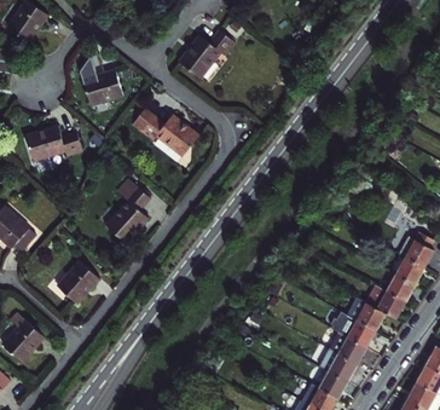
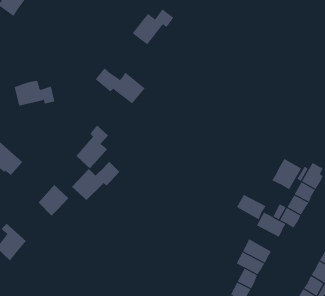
building: [81,71,121,105] -> none
building: none -> [272,158,302,190]
building: none -> [71,161,120,201]
building: [334,316,374,350] -> [236,194,266,220]

